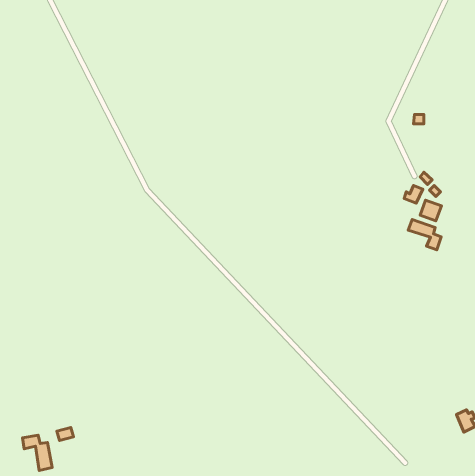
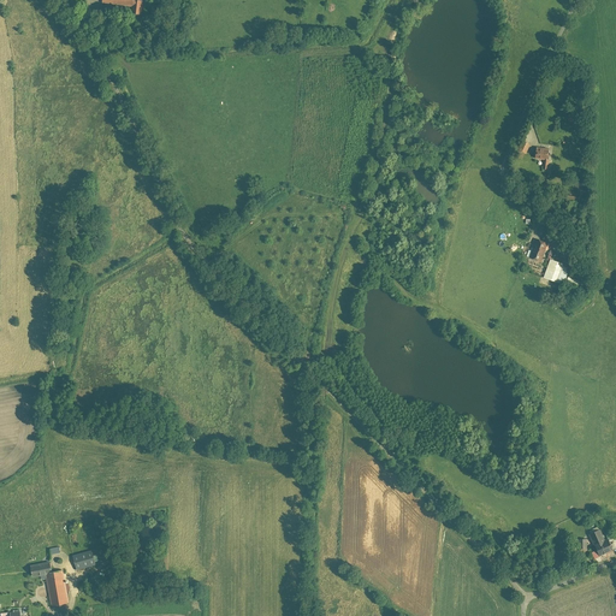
building: [408,219,441,250] -> none

